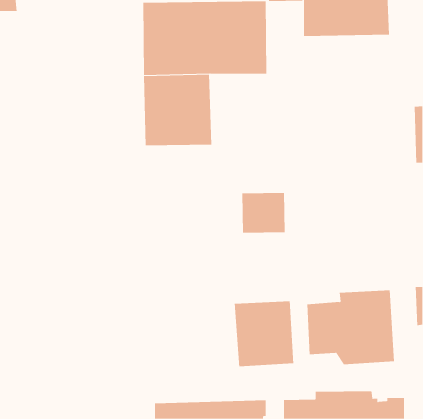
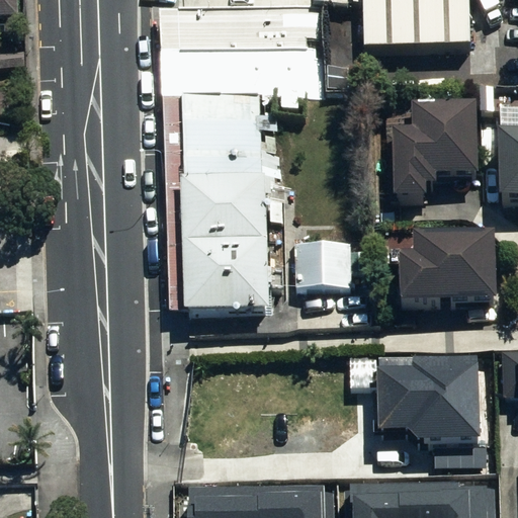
building: none -> [387,99,483,198]
building: none -> [176,176,261,316]
building: none -> [399,229,501,303]
building: [234,301,294,367] -> none

